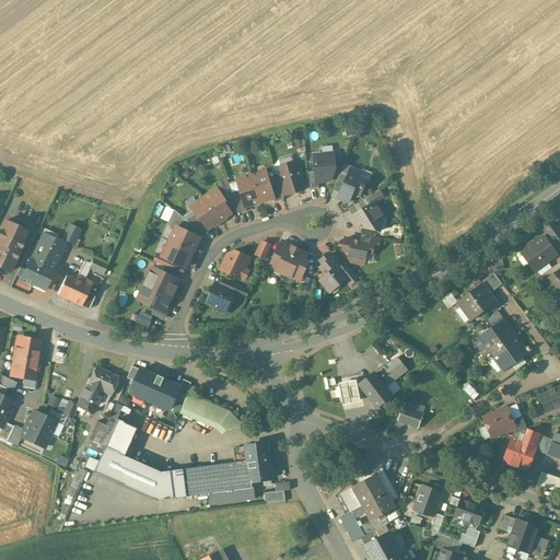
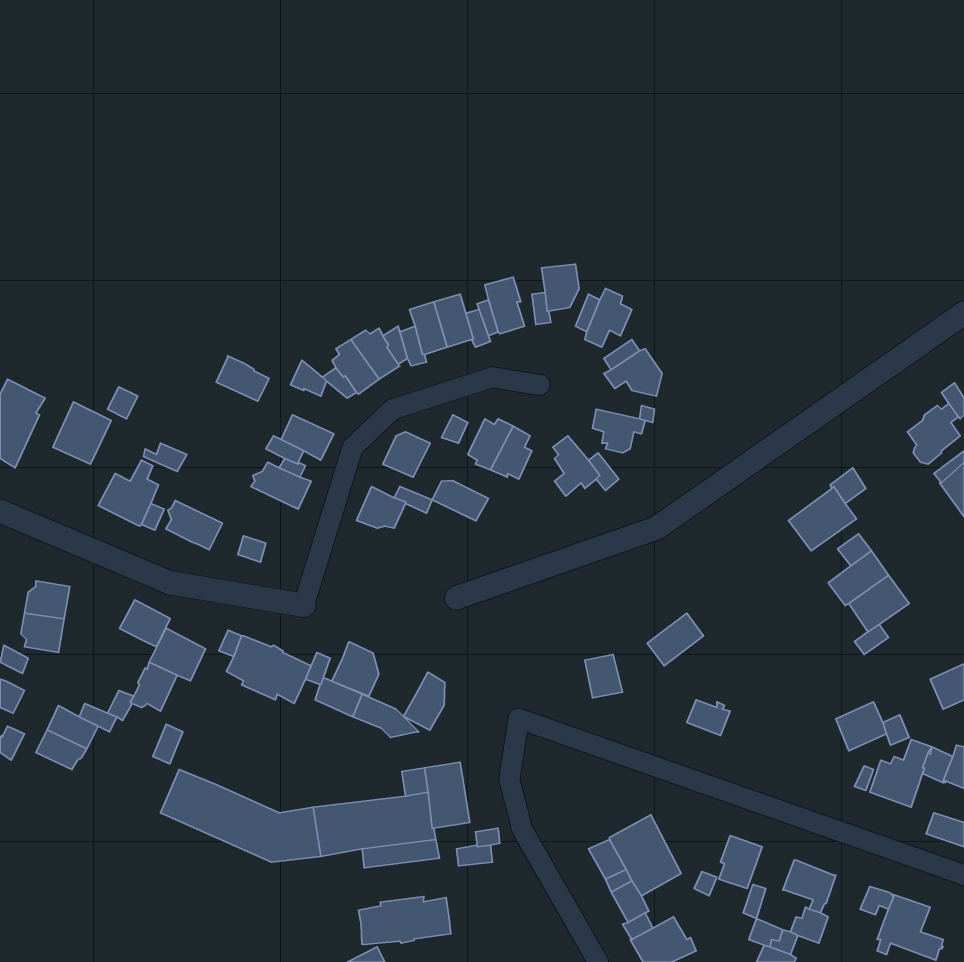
building: [170,225,200,252] -> [216,356,269,401]
building: [20,259,54,288] -> none
building: none -> [432,480,488,521]
building: [140,282,173,311] -> [166,501,222,550]
building: none -> [119,600,170,647]
building: [361,372,392,406] -> none
building: none -> [332,642,379,696]
building: none -> [403,672,445,730]
building: [104,419,138,455] -> none
building: none -> [358,897,451,945]

